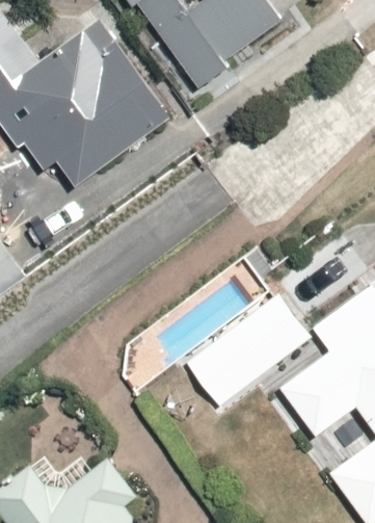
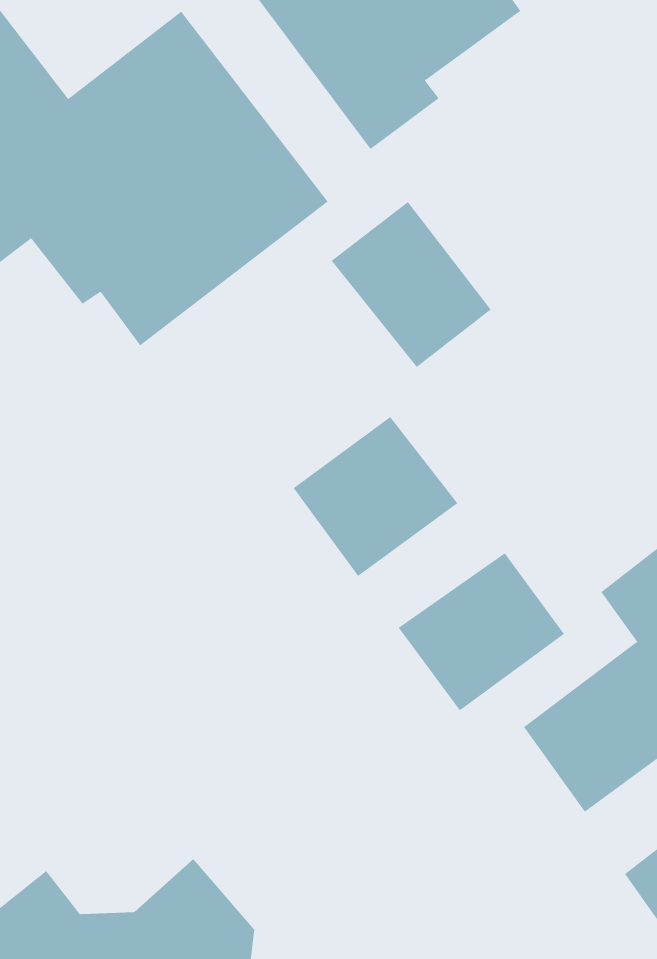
building: none -> [331,201,492,368]
building: none -> [293,416,458,577]

